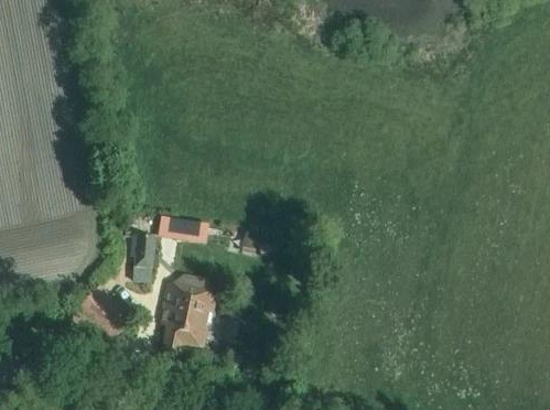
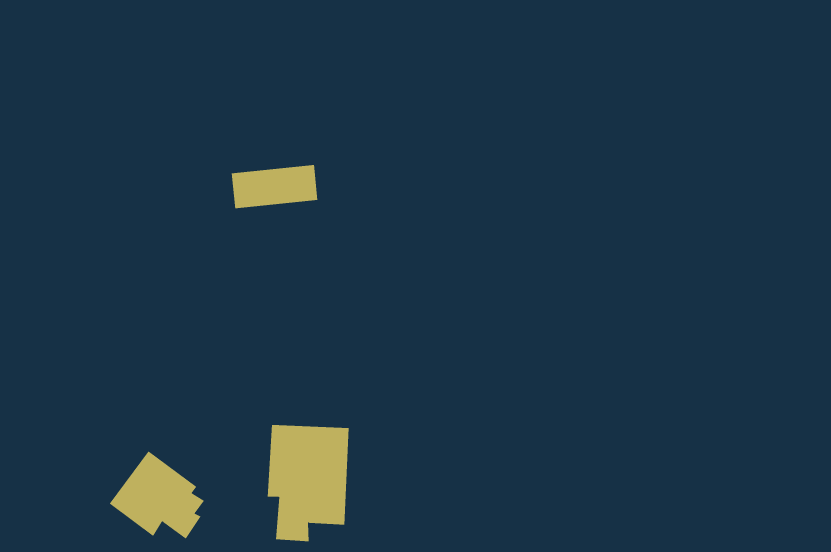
building: [165,217,216,240] -> [231,164,318,209]
building: [131,236,157,285] -> none

